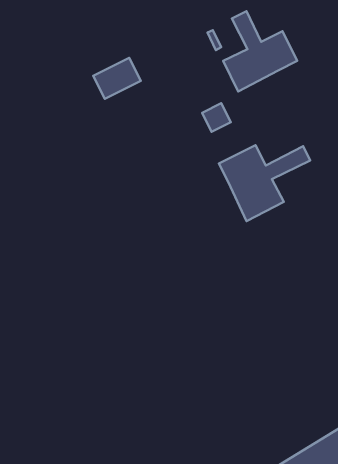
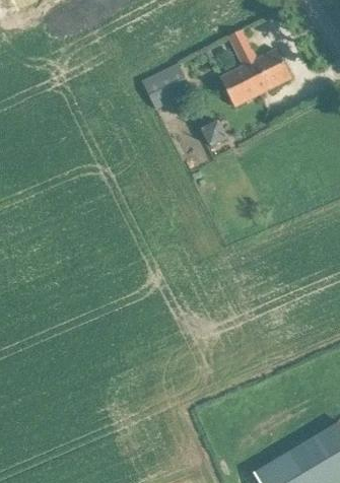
building: [93,58,141,99] -> [143,62,189,101]
building: [219,145,310,221] -> none

